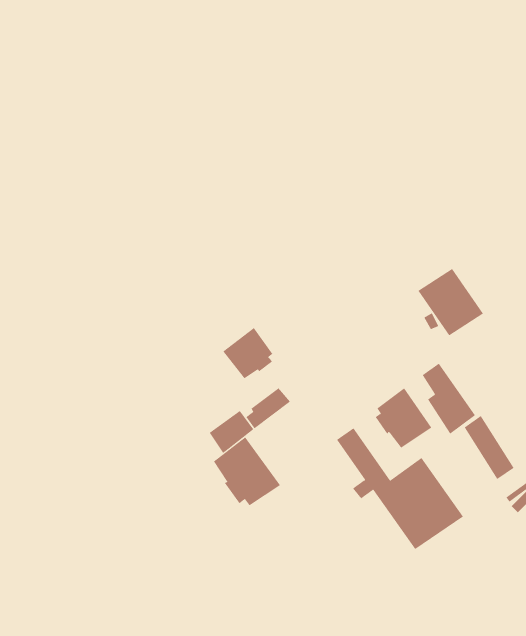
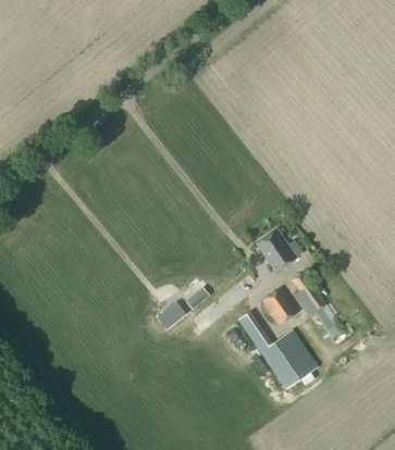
building: [418,268,484,336] -> [255,229,296,272]
building: [222,327,273,379] -> none
building: [213,437,281,506] -> none

